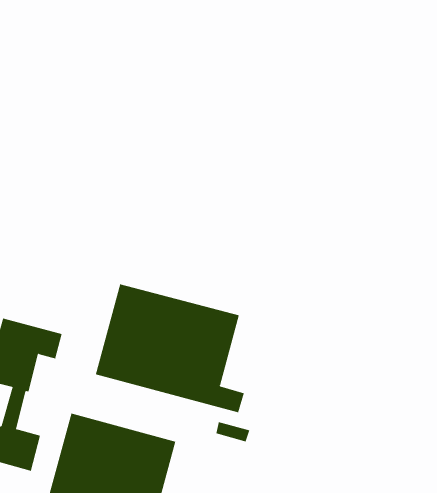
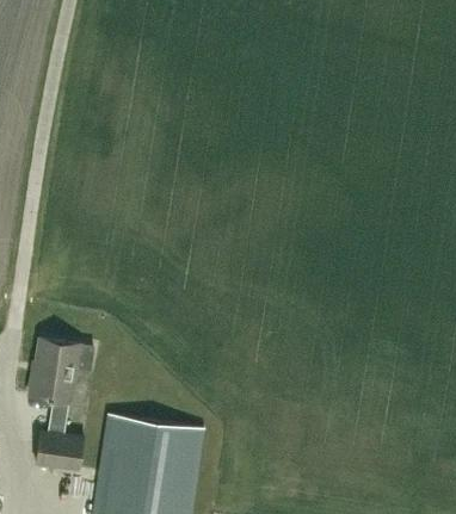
building: [95,283,244,413] -> none

